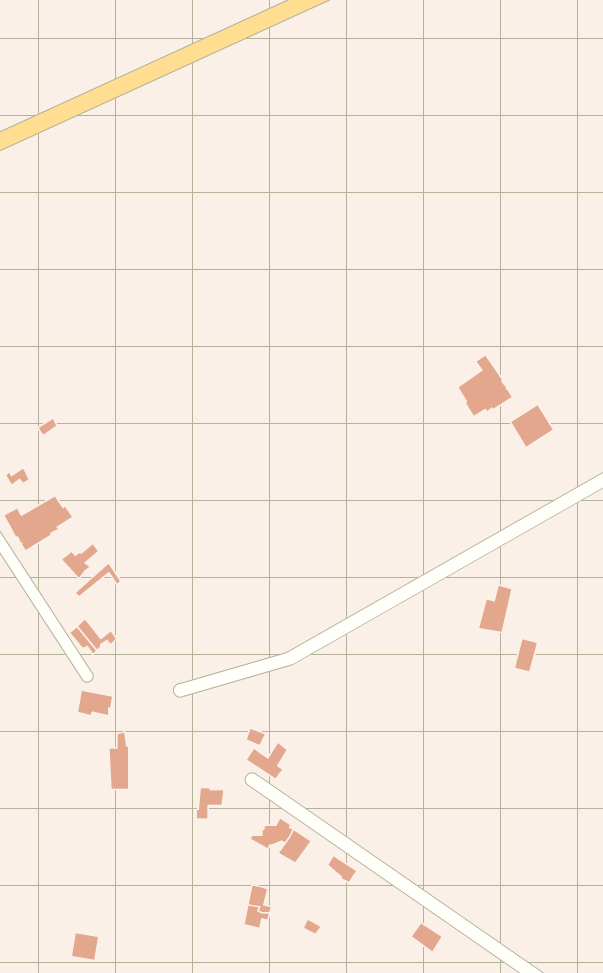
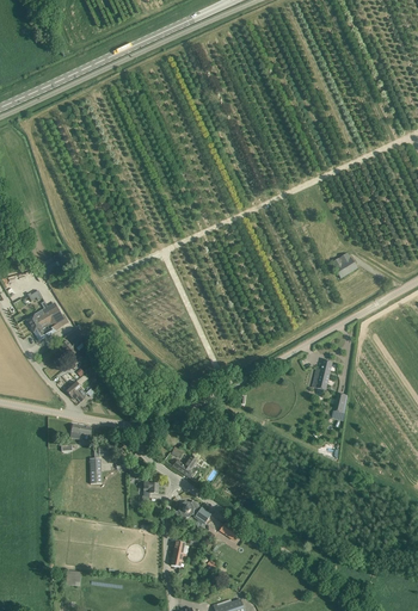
building: [458,355,513,417] -> none

